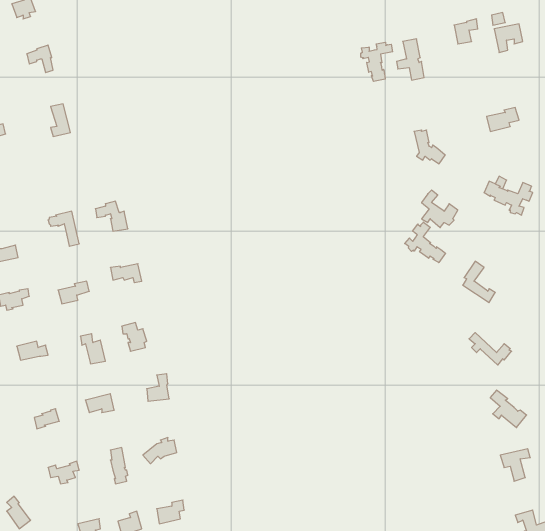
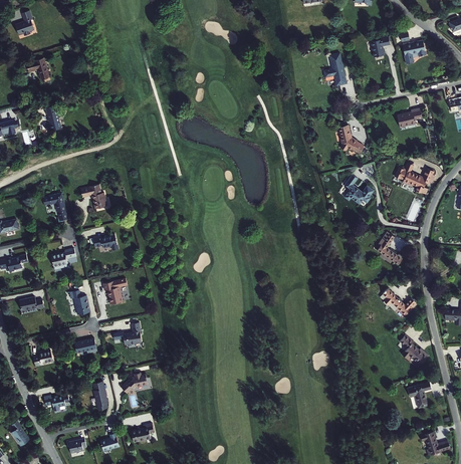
building: [361,42,393,81] -> none
building: [405,222,446,263] -> none

